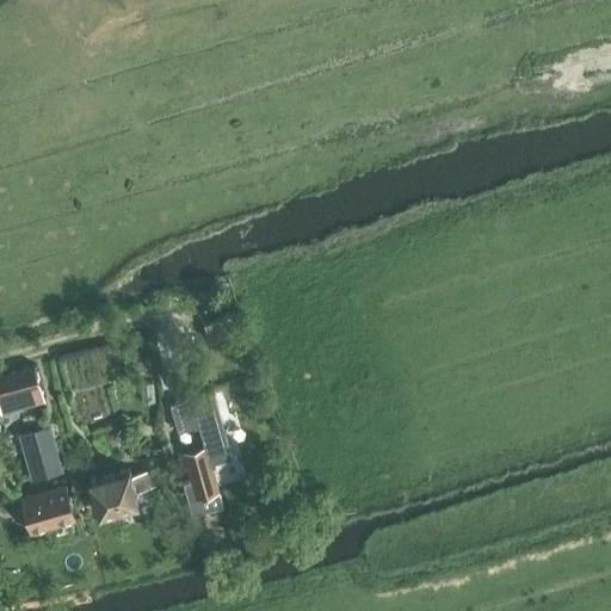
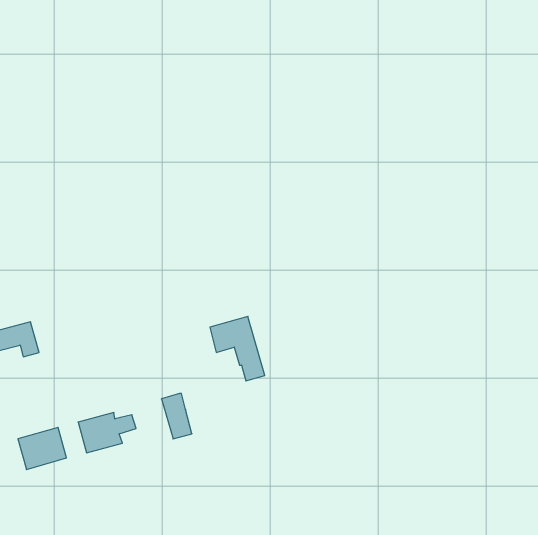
building: [169,395,232,468] -> [210,316,265,381]
building: [19,430,61,482] -> none

